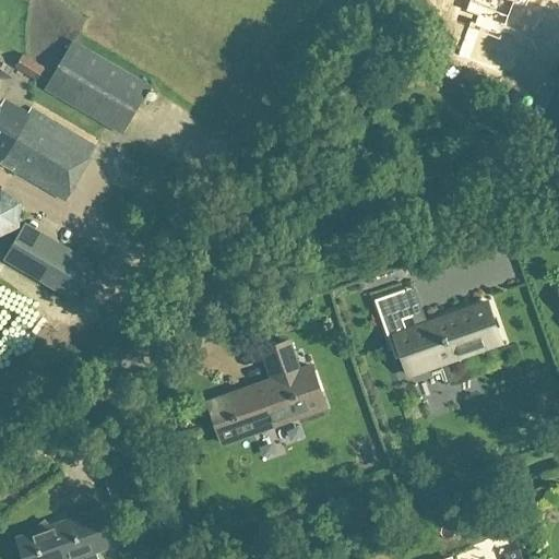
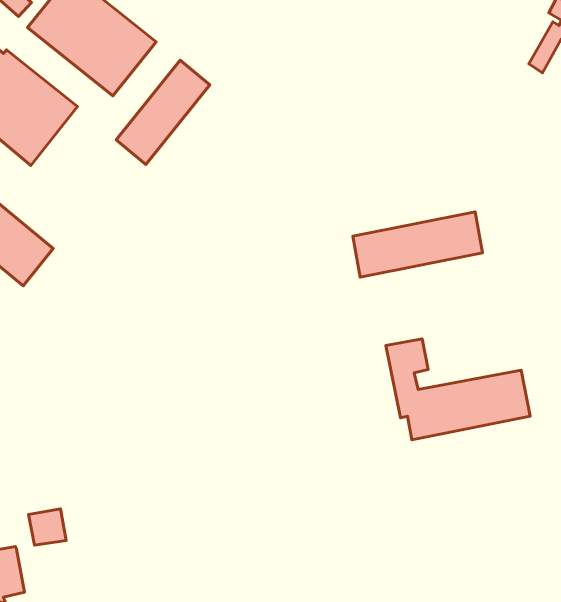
building: none -> [116,60,210,164]
building: none -> [353,212,483,277]
building: [206,343,323,440] -> none

